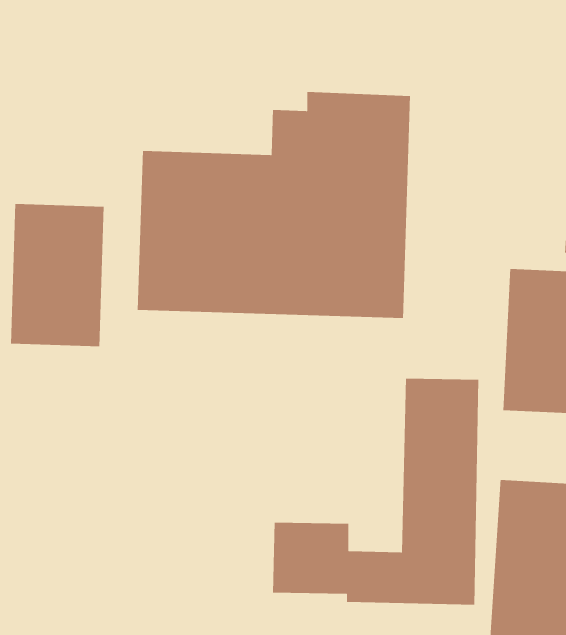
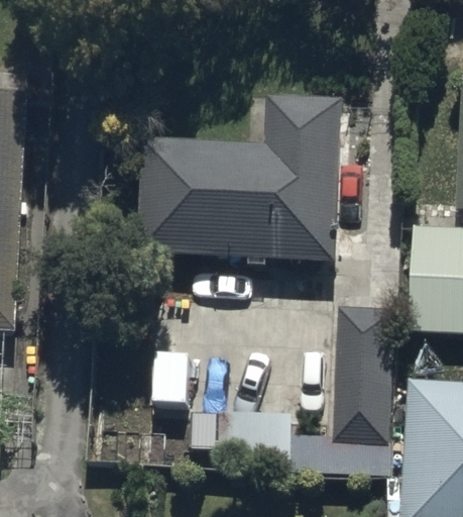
building: [10,203,105,347] -> none

